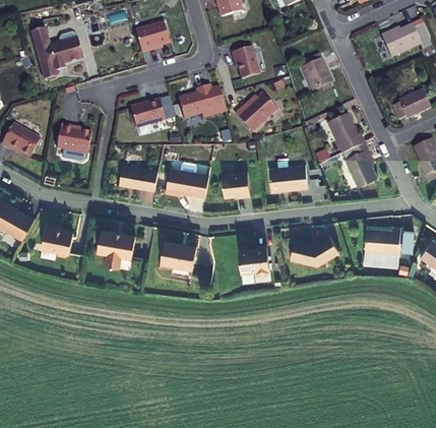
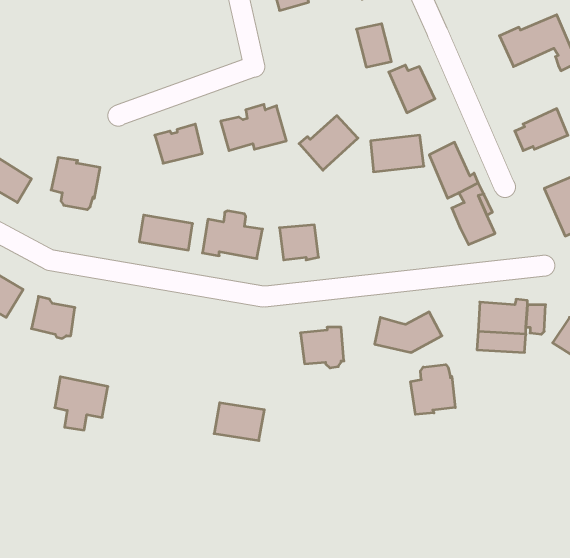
building: [135,21,170,53] -> none
building: [32,26,83,78] -> none
building: [234,47,259,78] -> [356,24,391,67]
building: [268,165,307,191] -> [371,135,424,172]
building: [97,229,135,267] -> [55,377,108,430]
building: [160,241,196,268] -> [214,403,264,441]
building: none -> [411,365,455,414]

